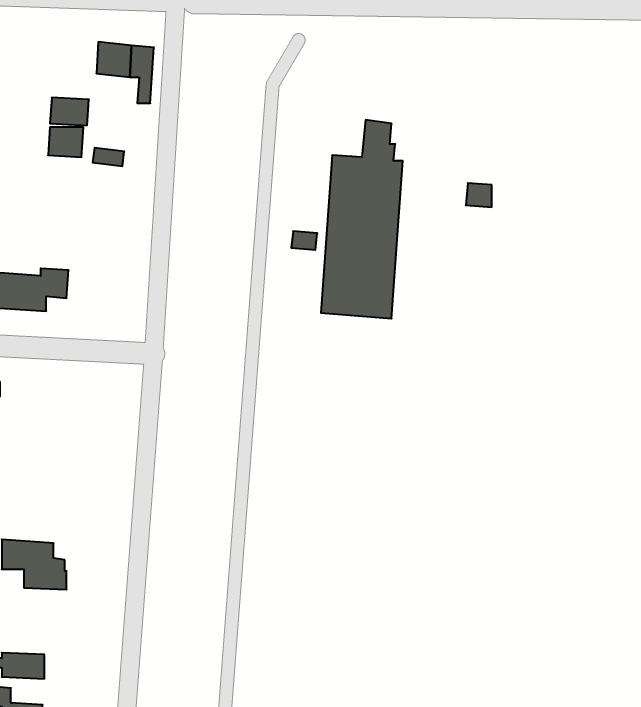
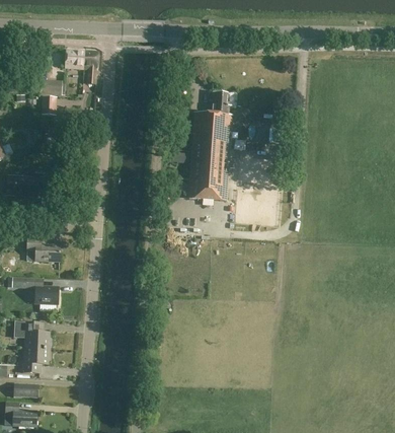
building: none -> [26,237,60,262]
building: none -> [25,277,58,303]
building: none -> [21,347,49,372]

